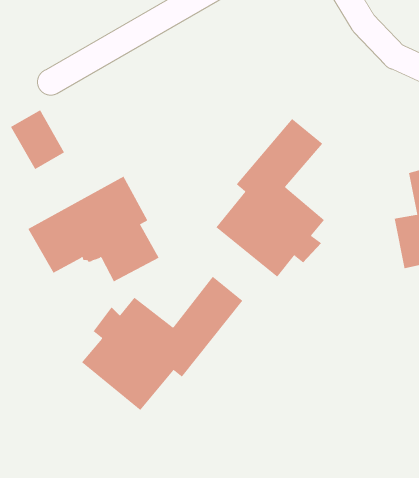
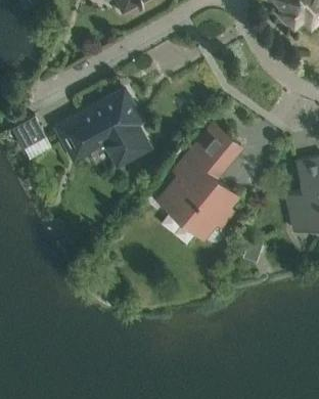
building: [27,176,160,282] -> [56,90,150,166]
building: [81,276,243,411] -> none

